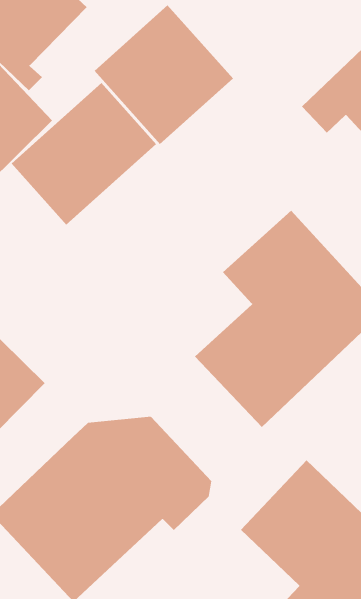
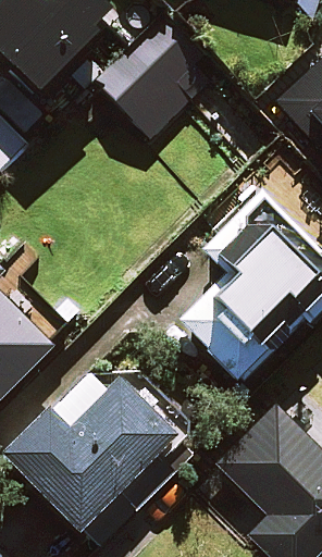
building: [11,82,157,225] -> none

